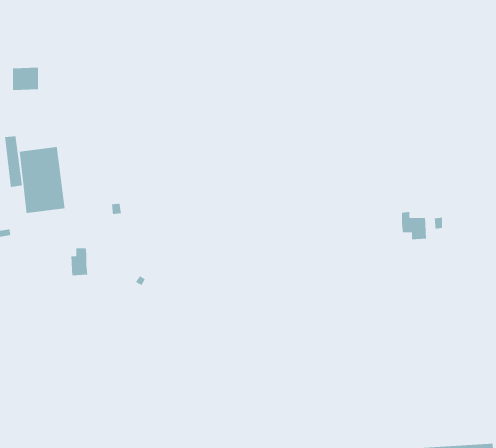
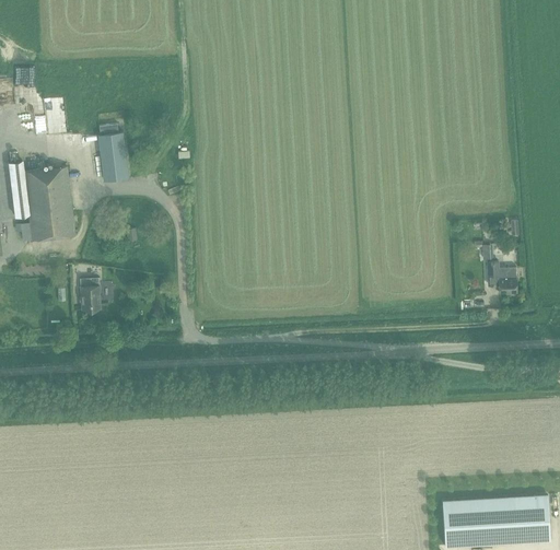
building: none -> [98,133,128,182]
building: [401,211,427,240] -> [488,262,516,294]

